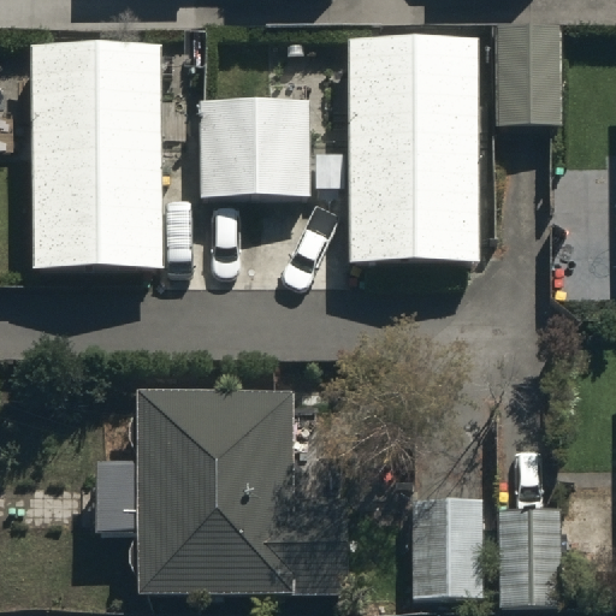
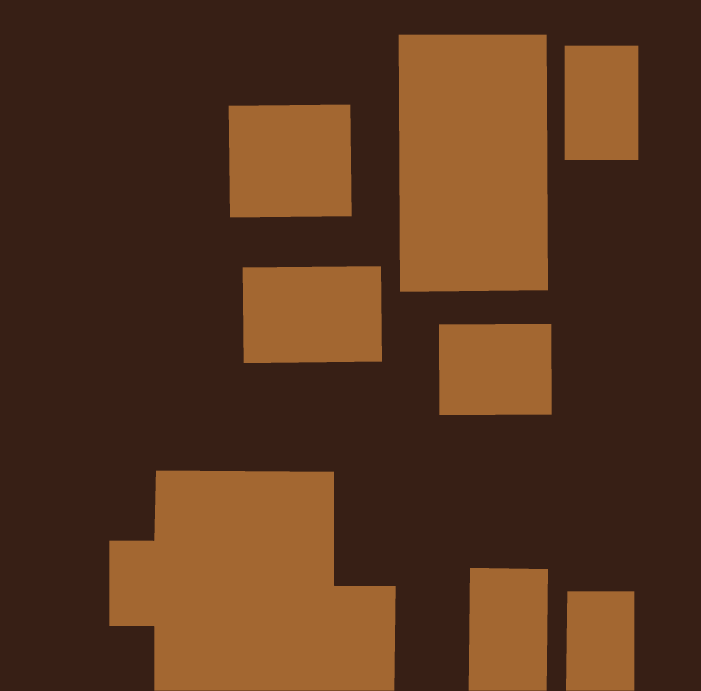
building: [31,40,162,267] -> none
building: none -> [242,265,382,364]
building: none -> [438,323,552,416]

